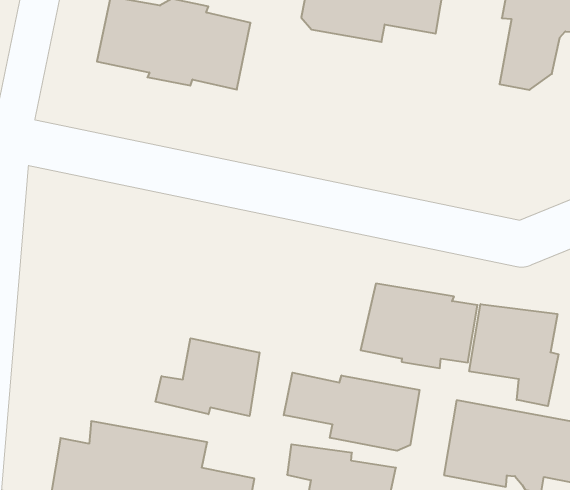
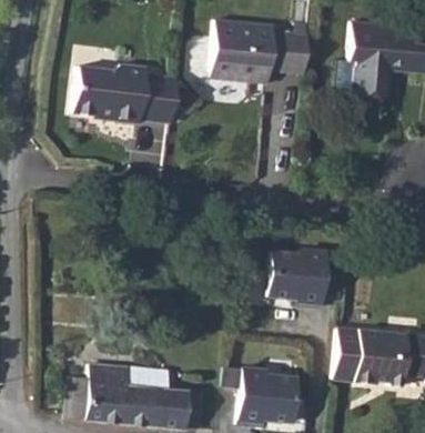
building: [469,304,559,406] -> none
building: [155,338,259,416] -> none
building: [284,373,420,451] -> none

